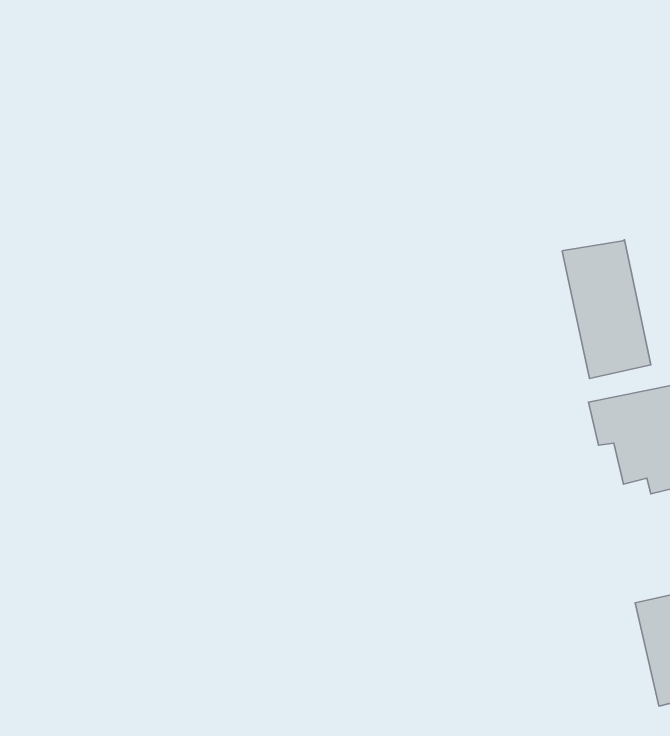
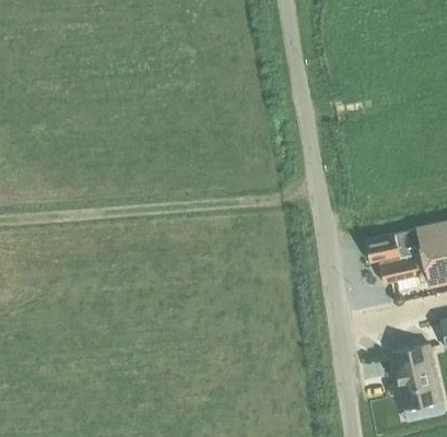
building: [562,240,651,379] -> none

